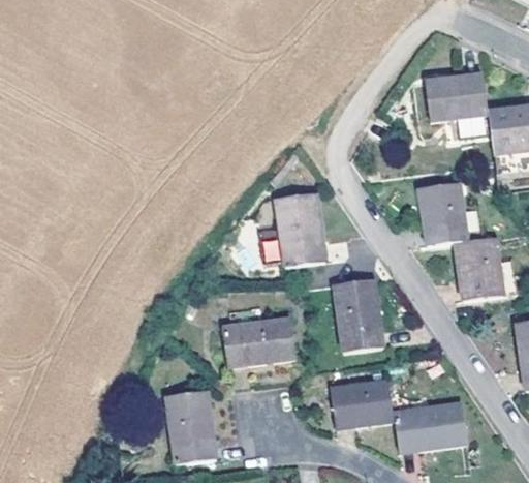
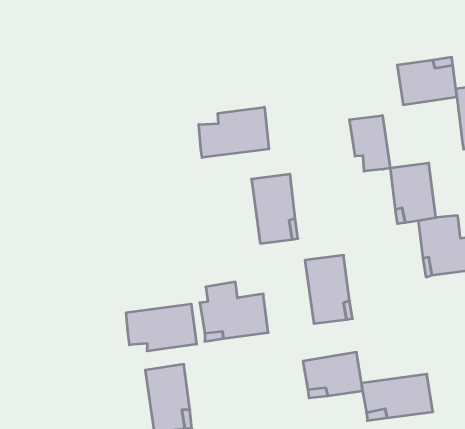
building: none -> [199,107,269,158]
building: none -> [349,115,390,171]
building: none -> [126,304,197,351]

